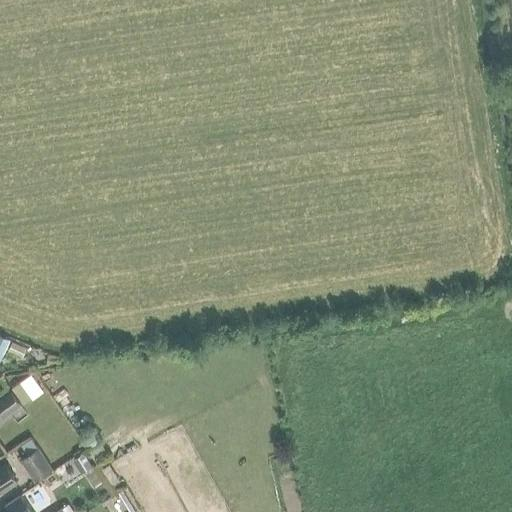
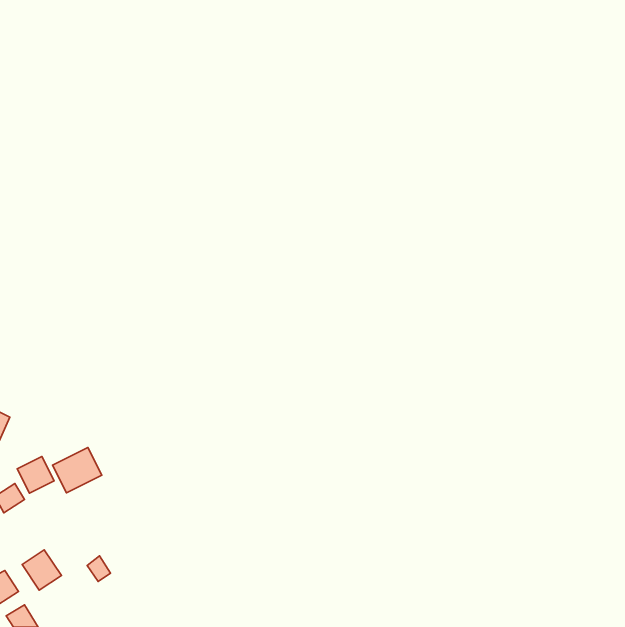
building: none -> [53,448,102,493]

